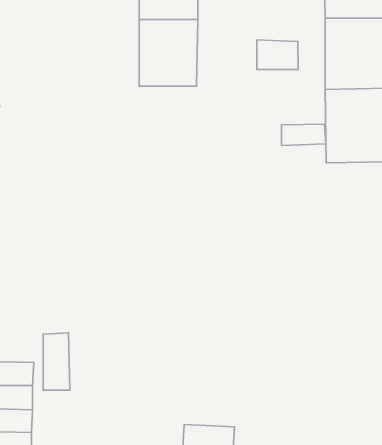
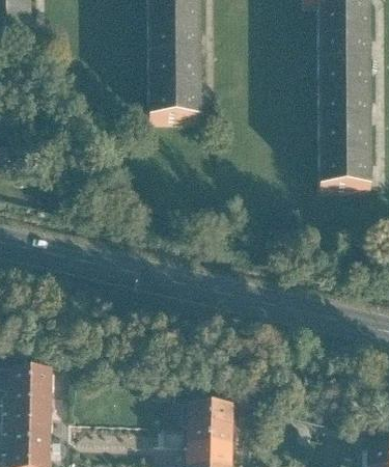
building: [257,40,298,70] -> none
building: [281,124,326,146] -> none
building: [43,333,70,390] -> none
building: none -> [188,407,233,429]

